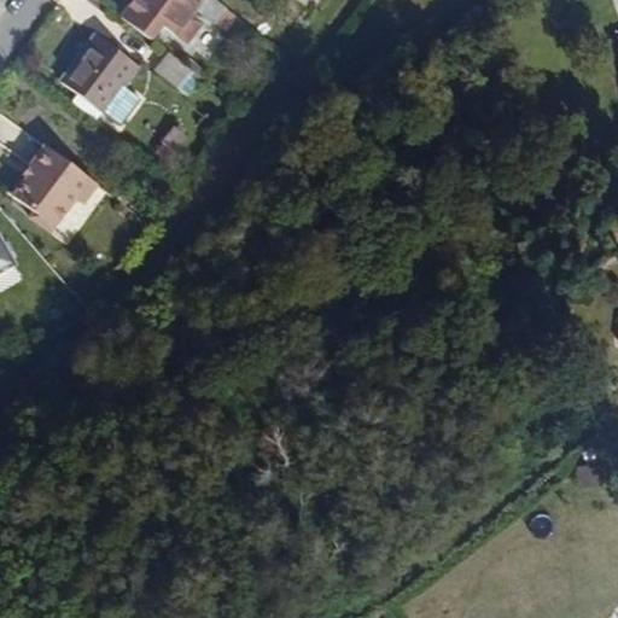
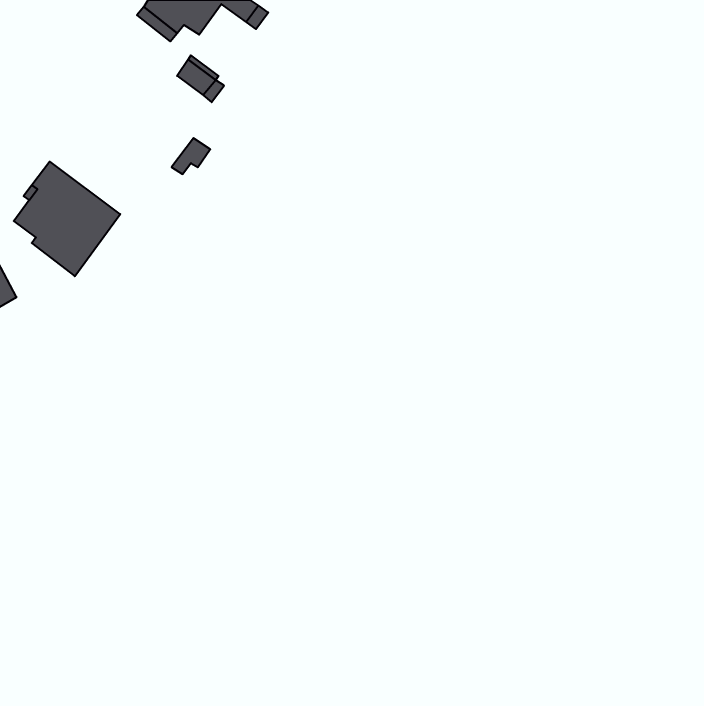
building: [62,31,136,122] -> none

